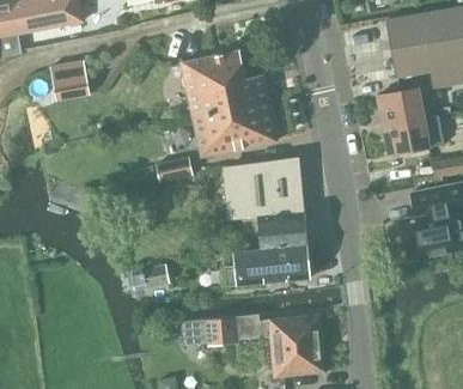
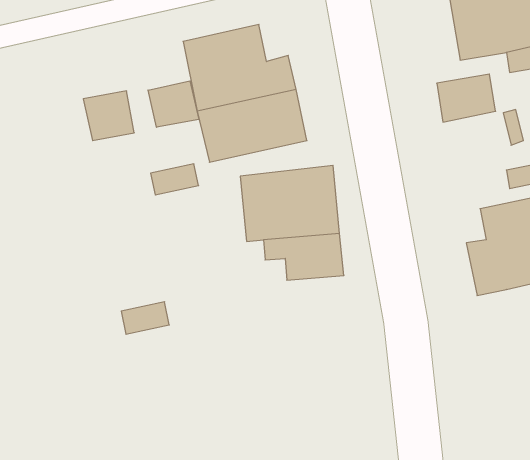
building: [49,61,89,99] -> [83,91,134,141]
building: none -> [148,81,199,127]
building: [382,116,428,154] -> none
building: [224,243,309,285] -> none
building: [181,314,324,376] -> none

